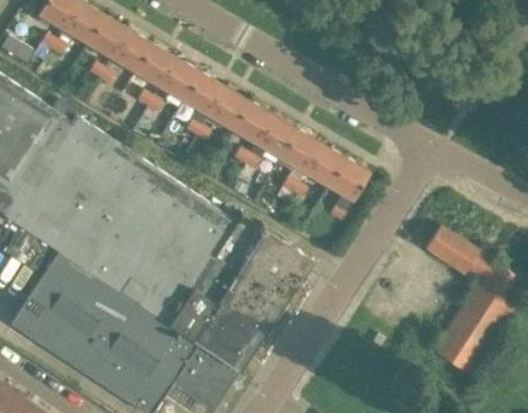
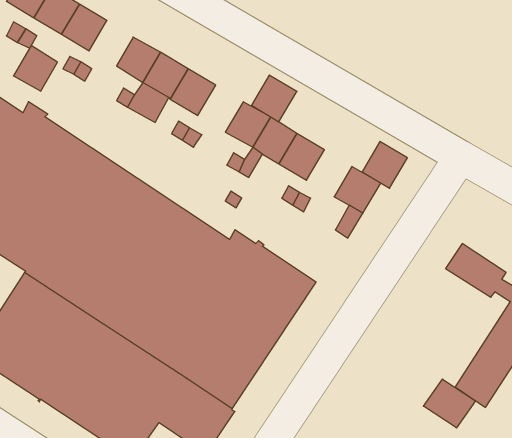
building: [112,30,151,70] -> [13,46,57,91]
building: [208,87,248,128] -> [251,75,297,122]
building: [303,144,343,185] -> [362,141,407,188]
building: none -> [423,379,476,428]

